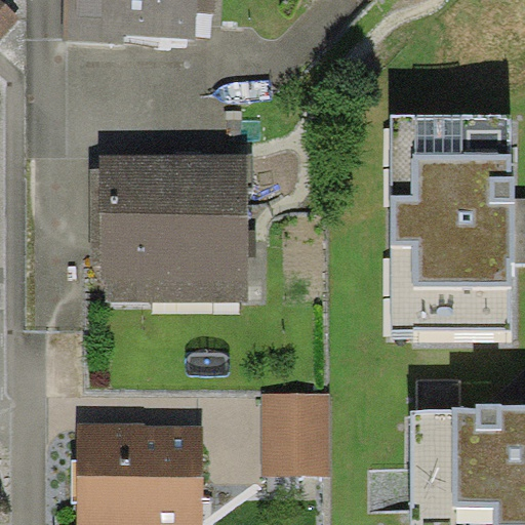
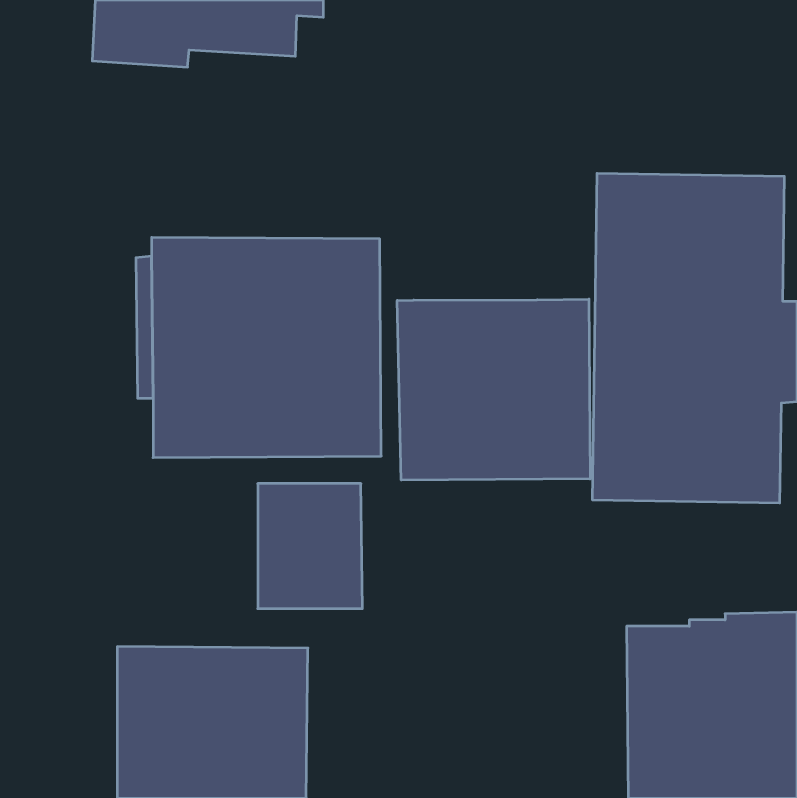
building: none -> [397,299,590,480]
building: [262,393,331,475] -> [258,484,362,609]

